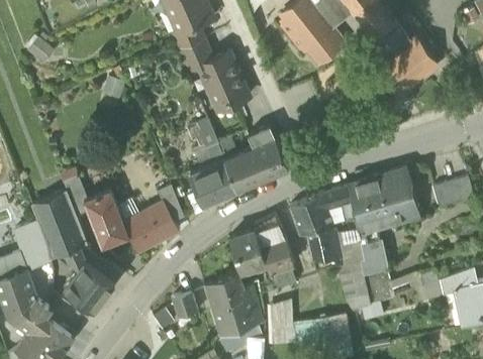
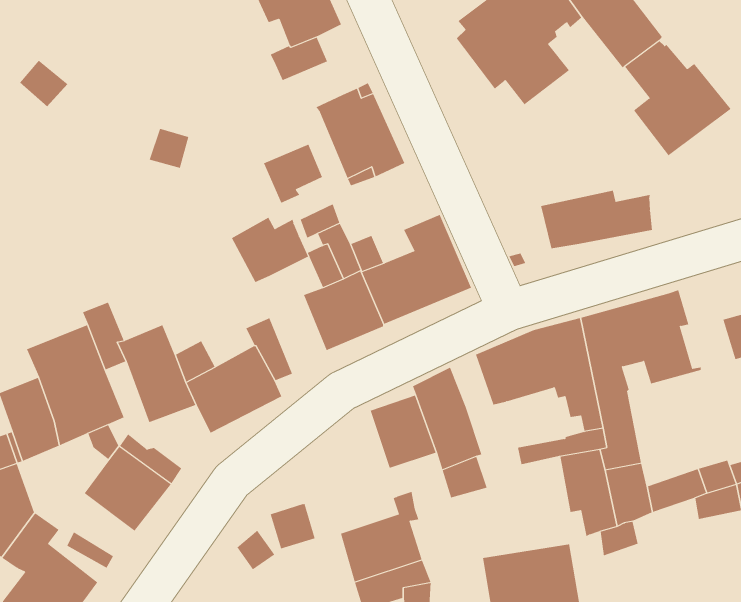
building: [179,38,213,73] -> [263,144,323,204]
building: none -> [541,190,652,249]
building: none -> [231,217,309,283]
building: [308,226,342,260] -> none
building: [205,273,246,310] -> none
building: [267,301,294,345] -> none

